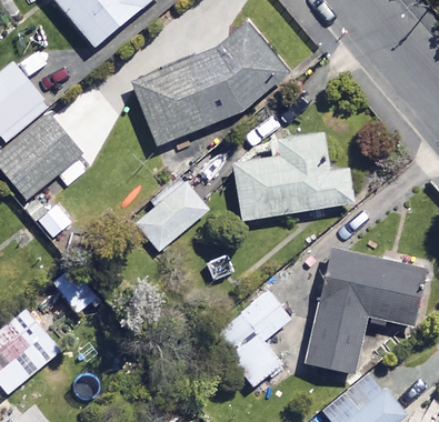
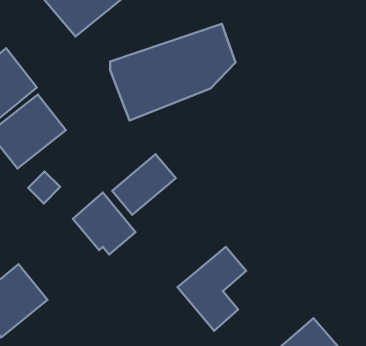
building: [232,135,353,222] -> none
building: none -> [73,193,135,254]
building: [310,250,423,371] -> none

